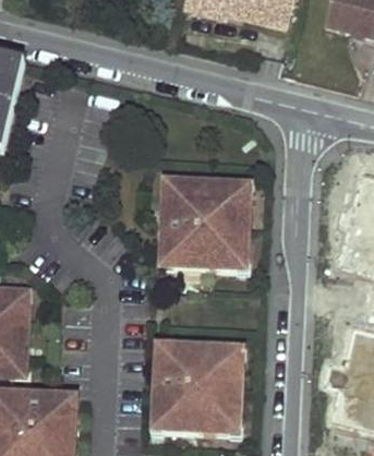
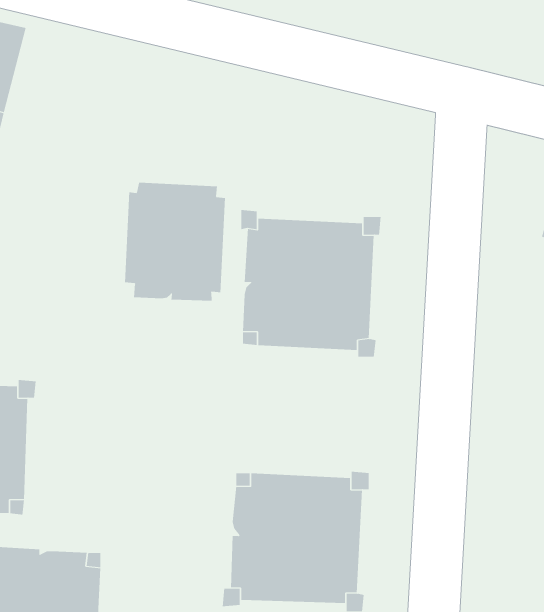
building: none -> [124,182,226,302]

